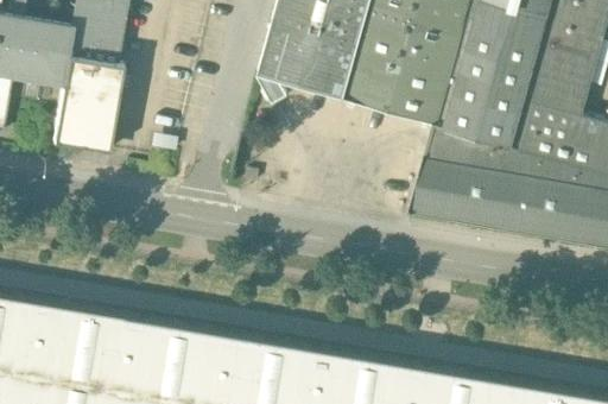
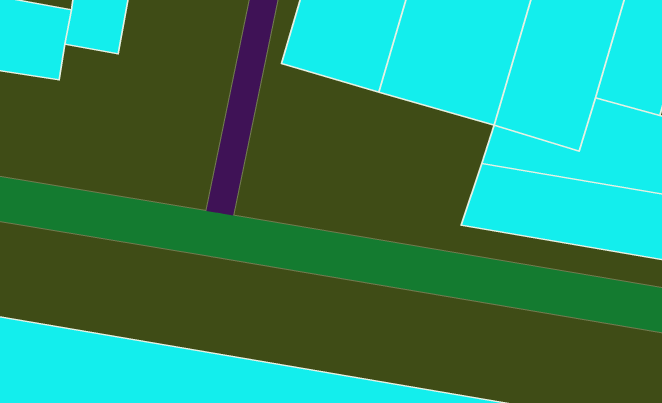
building: [53,57,125,152] -> none

